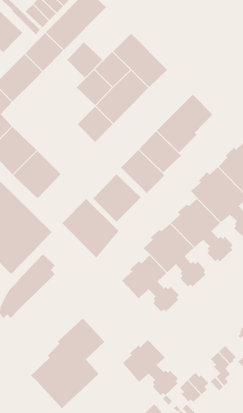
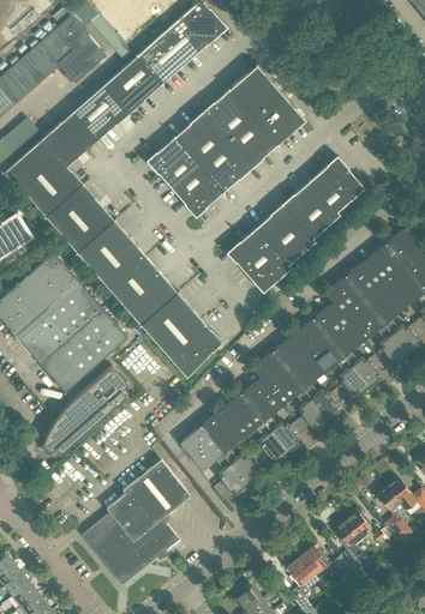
building: [66,42,103,78] -> [148,137,199,188]
building: [93,174,141,222] -> [109,257,178,325]
building: [122,339,179,396] -> [180,411,258,493]

